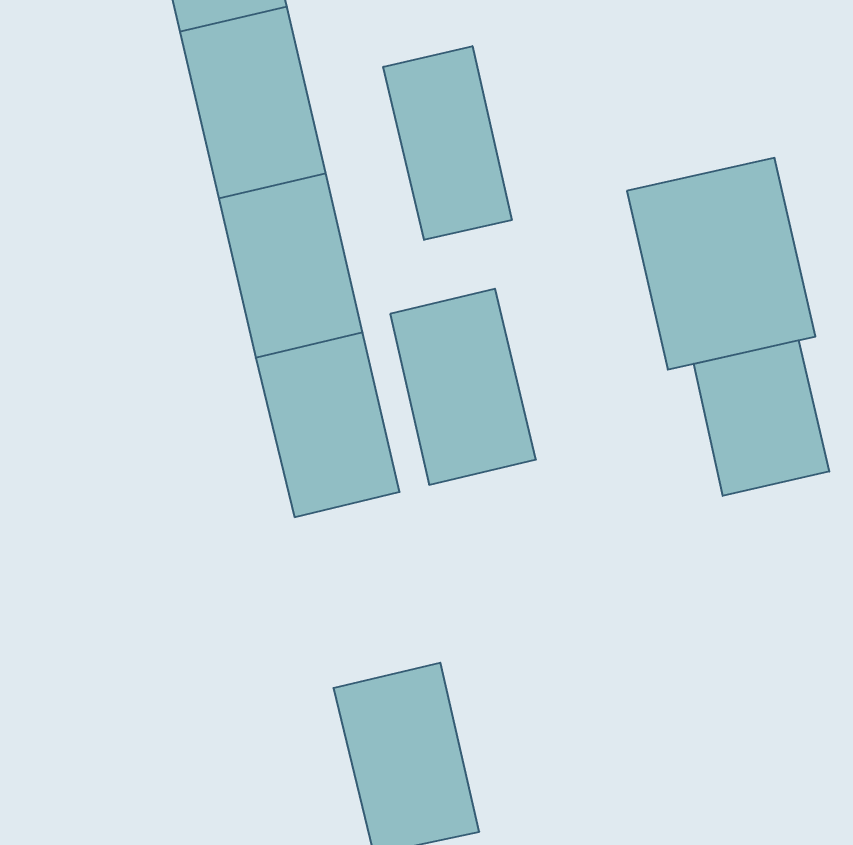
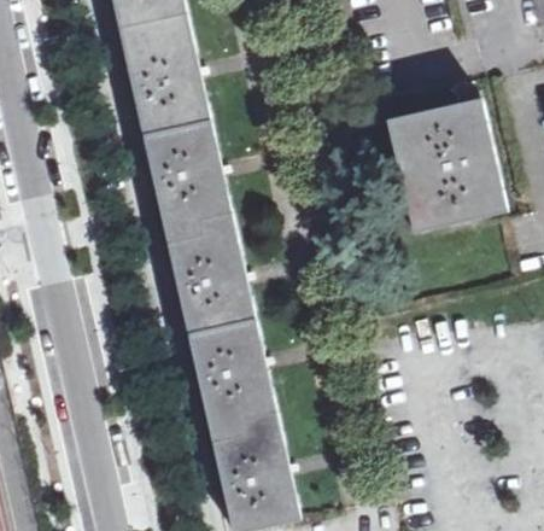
building: [383,46,512,240] -> none
building: [390,289,536,485] -> [187,308,277,430]
building: [694,340,829,496] -> none

